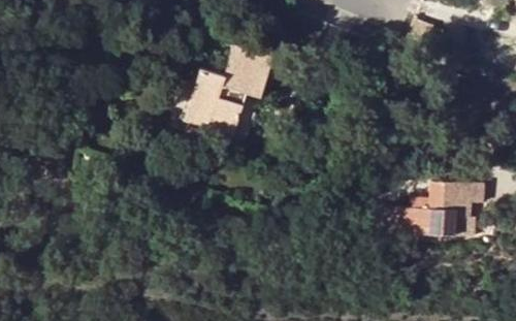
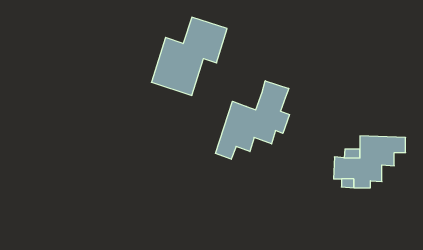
building: none -> [216,81,290,159]

